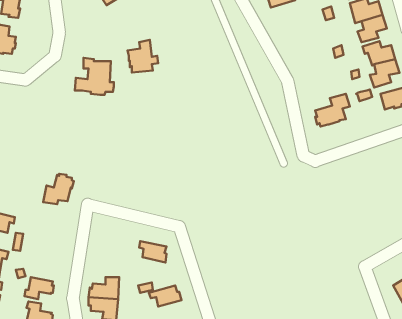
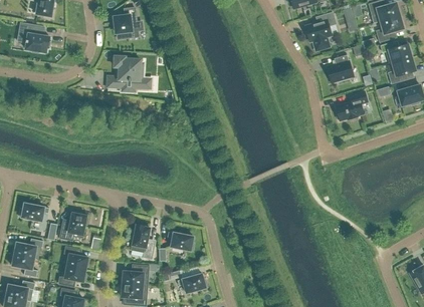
building: none -> [303,13,335,51]
building: [128,40,158,73] -> [114,7,143,38]
building: none -> [327,55,352,82]
building: [43,174,74,204] -> [59,211,88,240]
building: none -> [132,224,155,258]
building: none -> [64,246,89,269]

